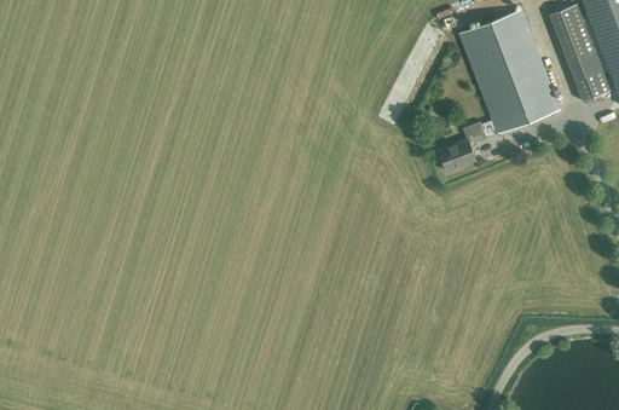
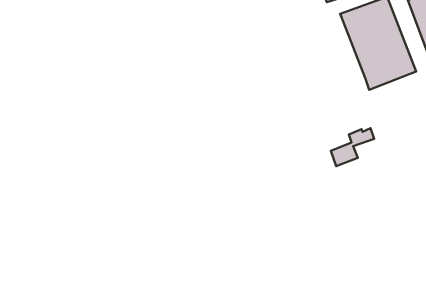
building: [439,120,497,171] -> [331,128,374,166]

